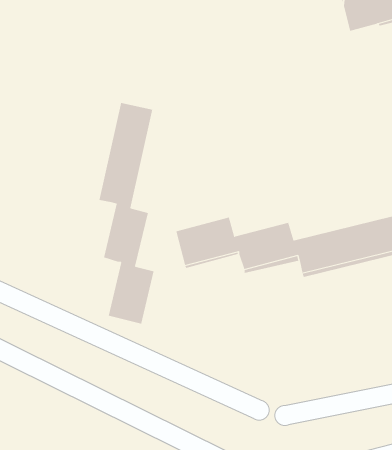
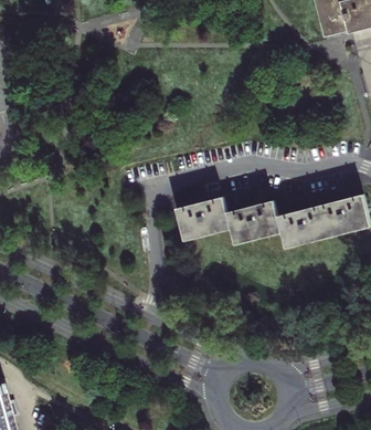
building: [99,102,154,325] -> none

